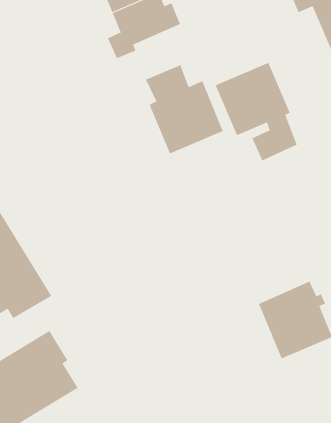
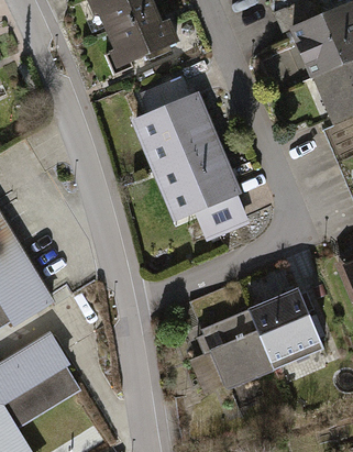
building: [215,62,298,161] -> [165,144,244,239]
building: none -> [197,309,272,382]

